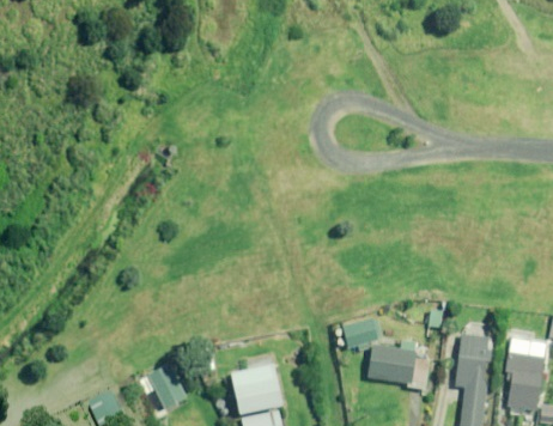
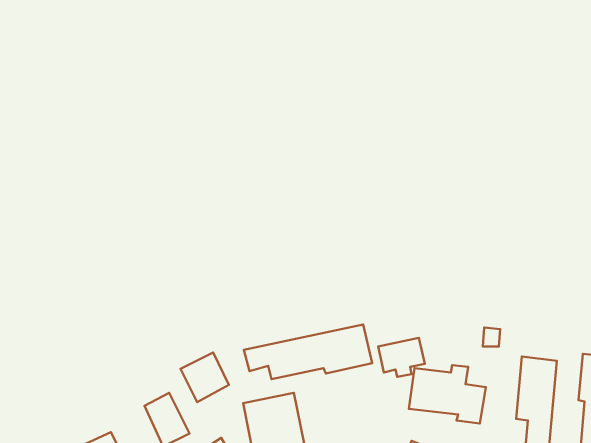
building: none -> [244,324,372,379]
building: none -> [180,352,229,402]

